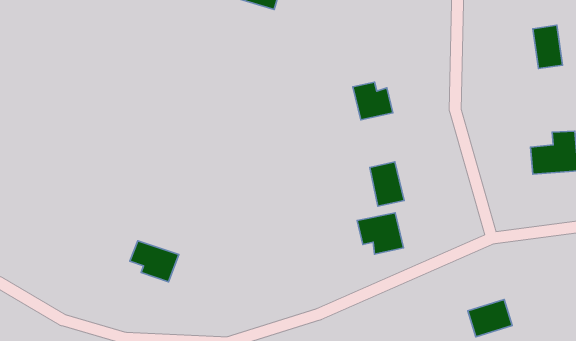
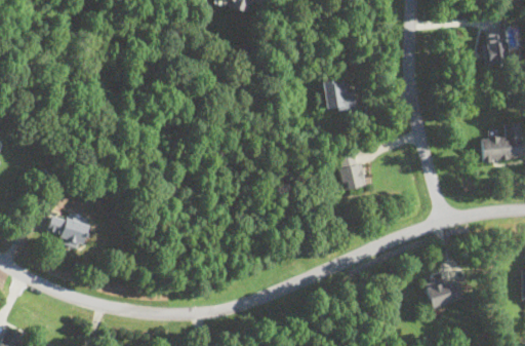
building: [357,213,403,254] -> none
building: [130,241,179,282] -> [45,212,89,248]

